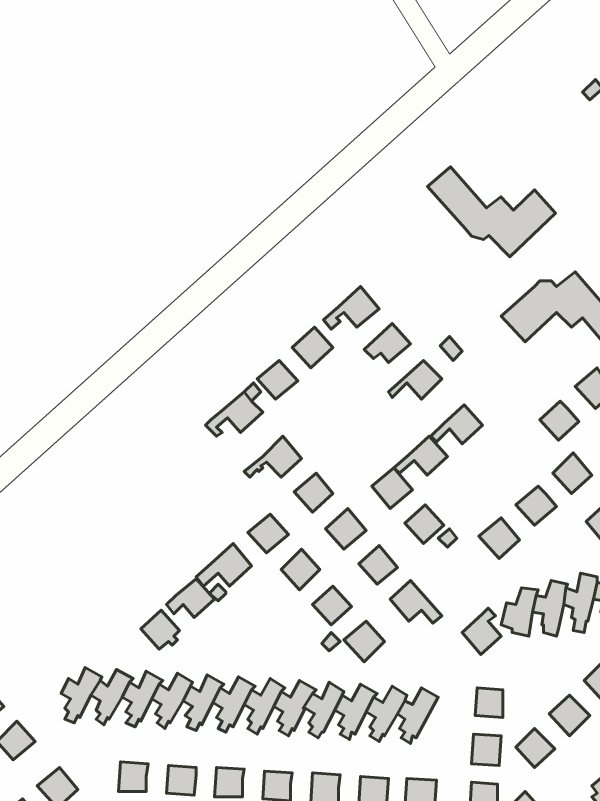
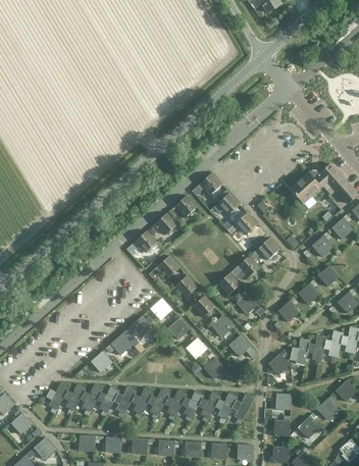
building: [427,167,556,257] -> none

